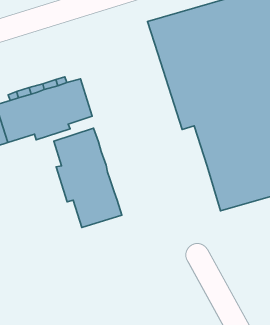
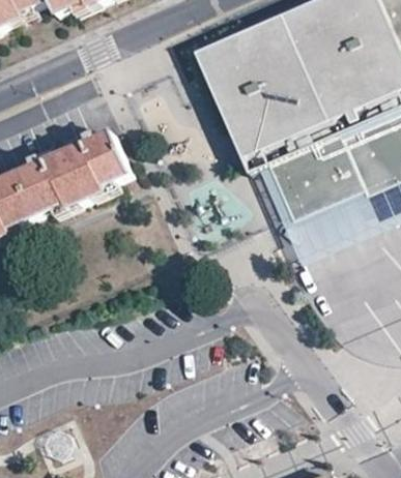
building: [54,128,122,227] -> none

